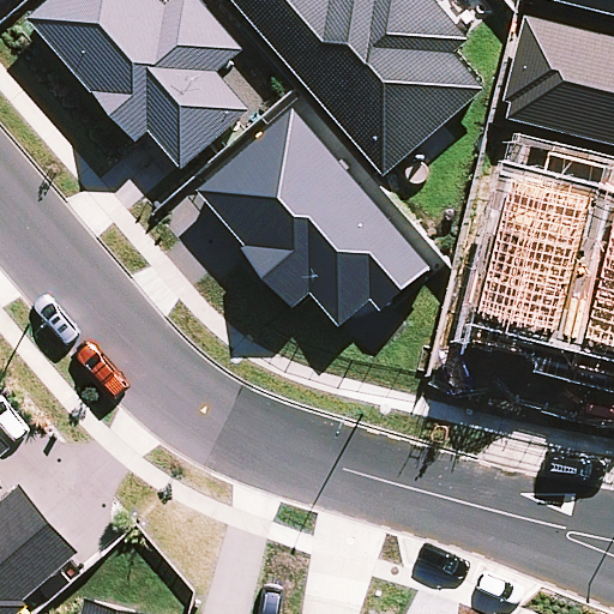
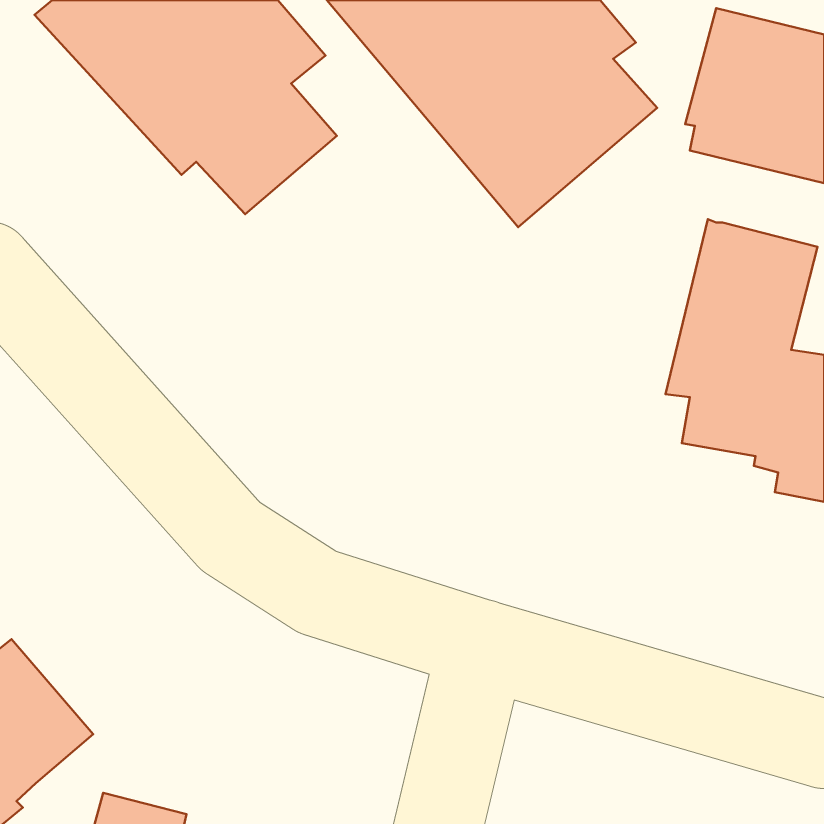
building: [197,106,433,325] -> none

